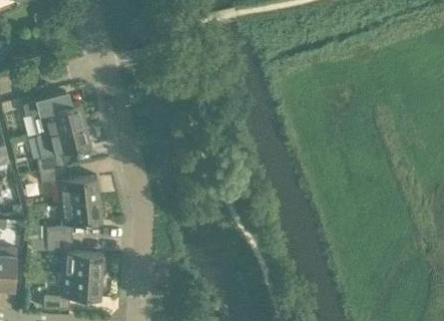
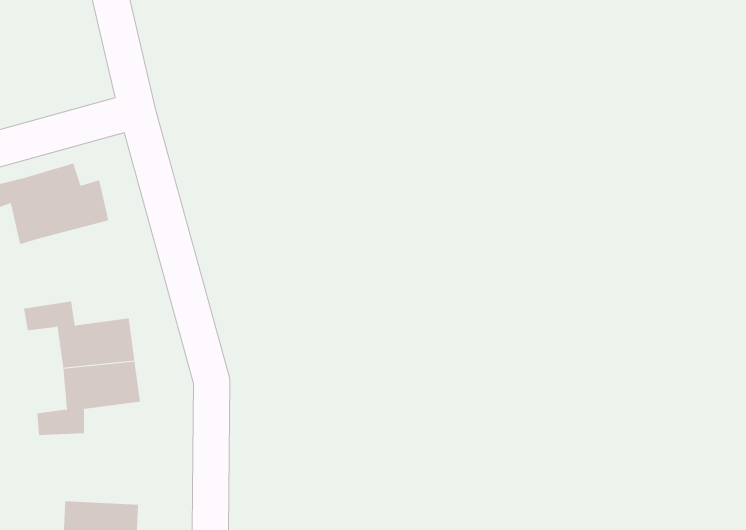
building: [36,124,90,172] -> none
building: [46,239,101,277] -> none

